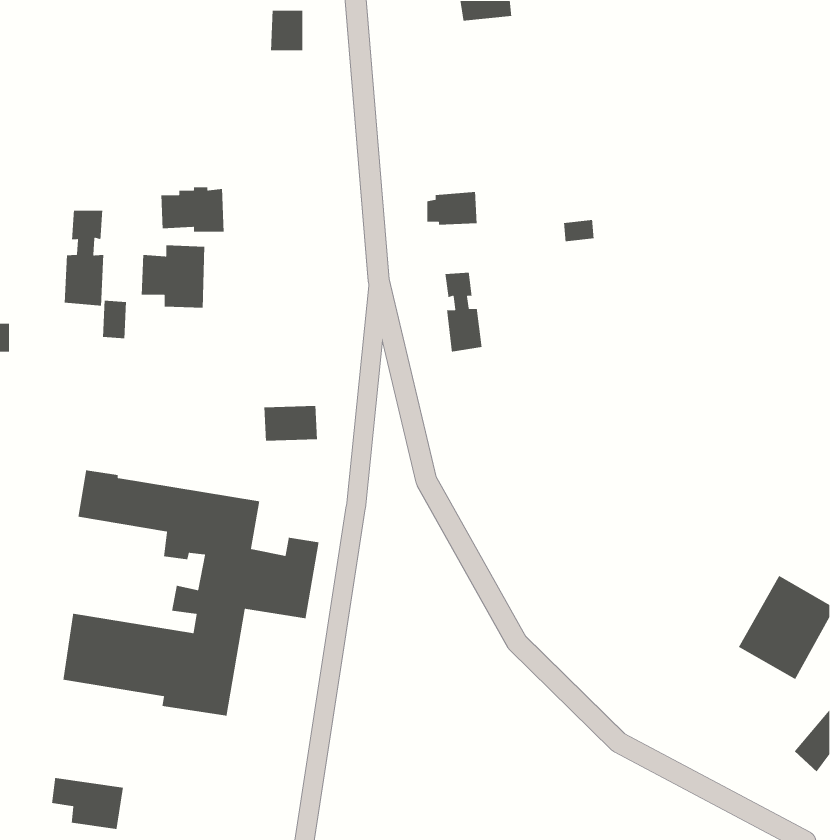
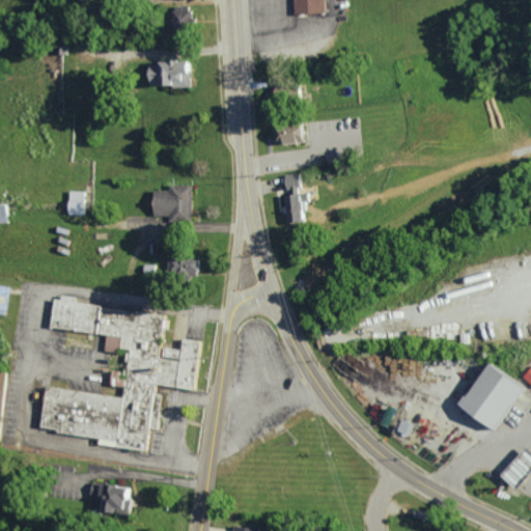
building: [160,186,225,233] -> [145,58,186,87]
building: [64,210,104,307] -> none
building: [141,244,205,309] -> [149,184,190,224]
building: [51,777,124,830] -> [88,482,134,515]

